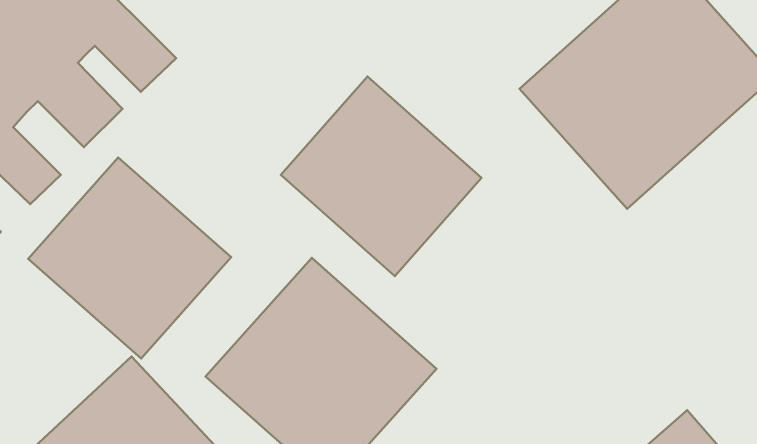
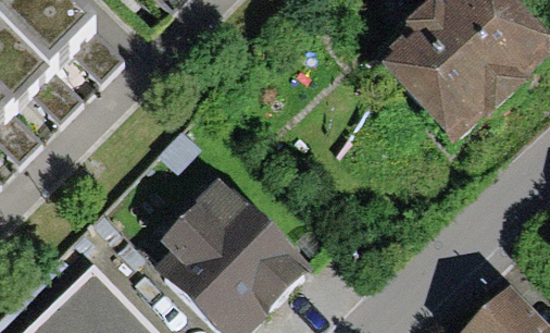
building: [281,76,481,276] -> none
building: [28,157,231,359] -> none

